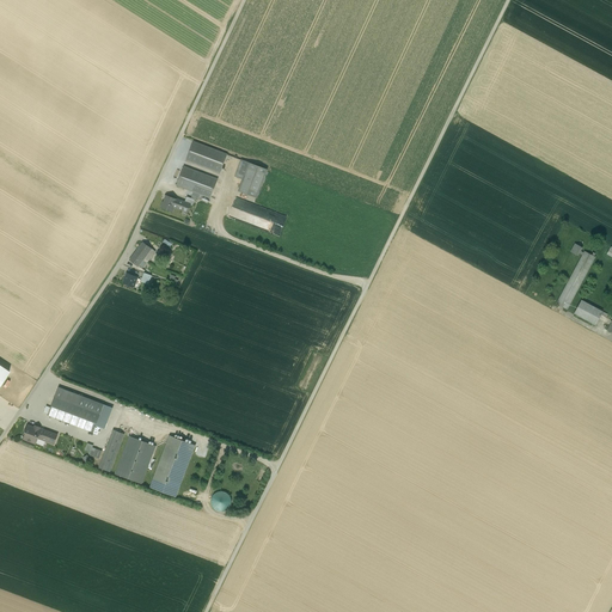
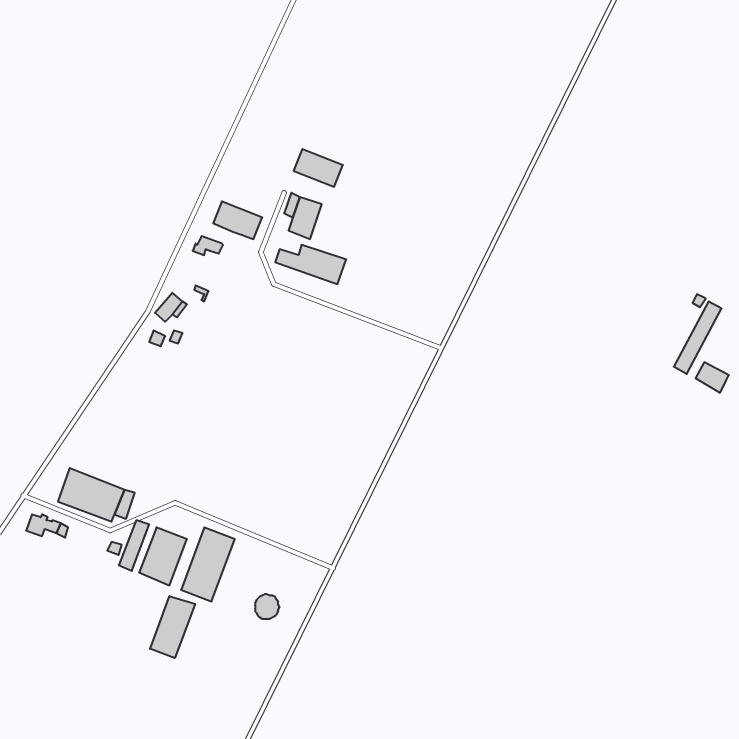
building: [185,141,226,172] -> [294,149,343,187]
building: none -> [150,596,195,658]

